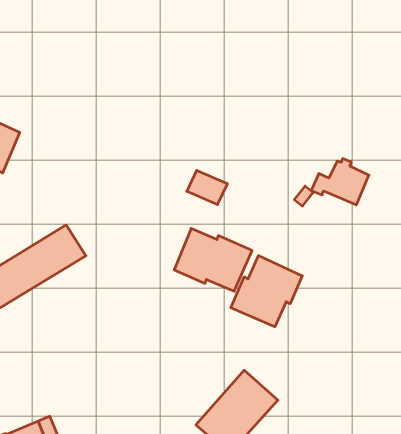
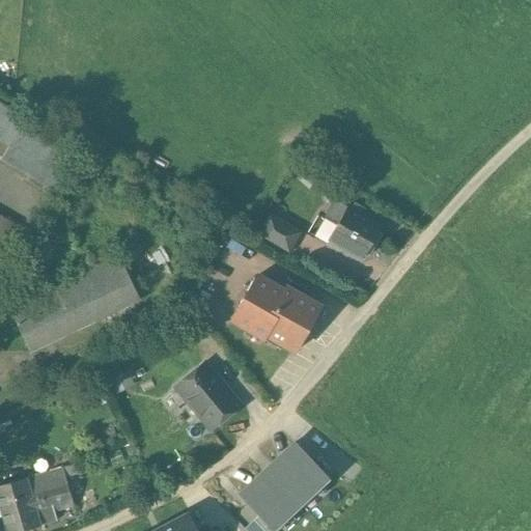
building: [311,159,369,205] -> [315,206,381,259]
building: [231,256,302,327] -> none
building: none -> [175,363,241,430]

